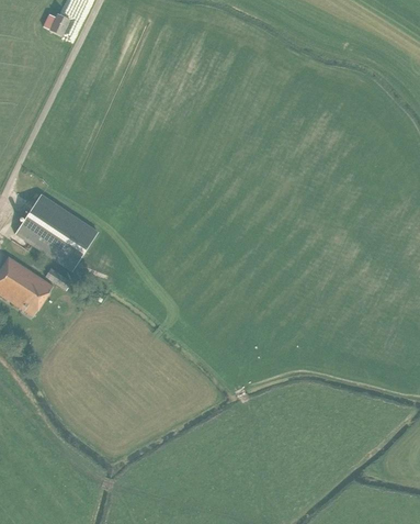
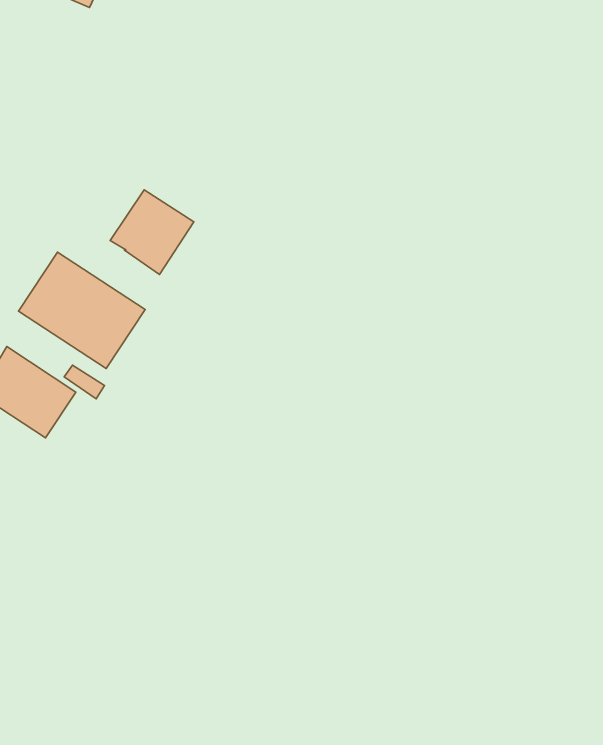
building: none -> [110,190,194,274]

